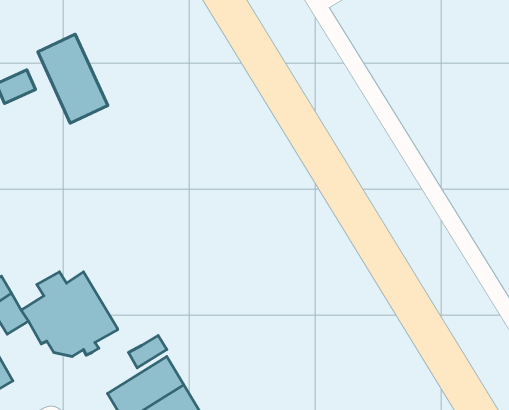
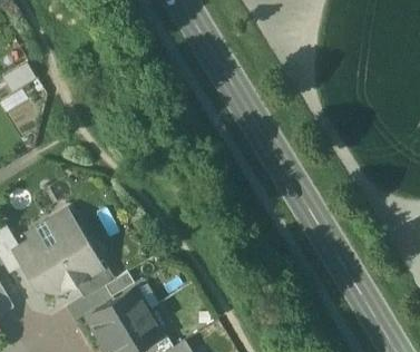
building: [38,34,108,123] -> none
building: none -> [75,261,114,299]

